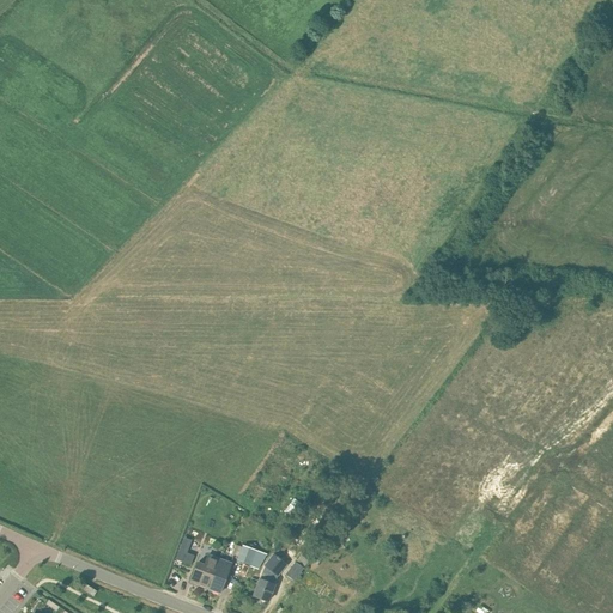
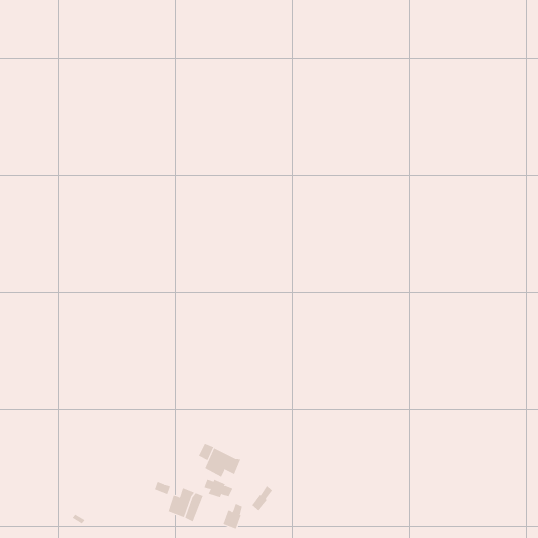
building: none -> [205,448,241,478]

